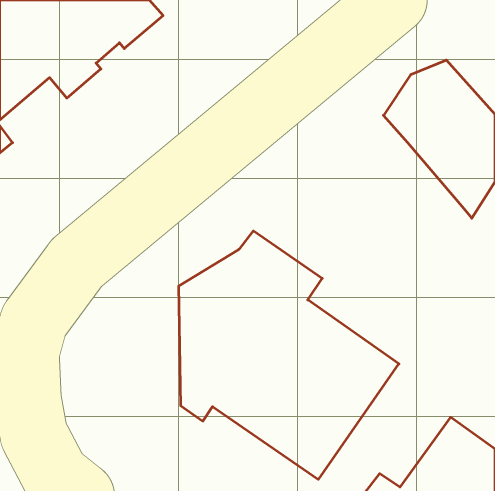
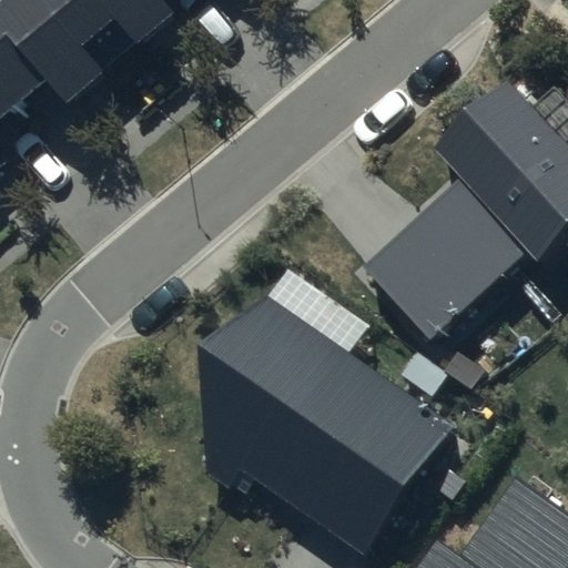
building: none -> [368,169,530,335]

